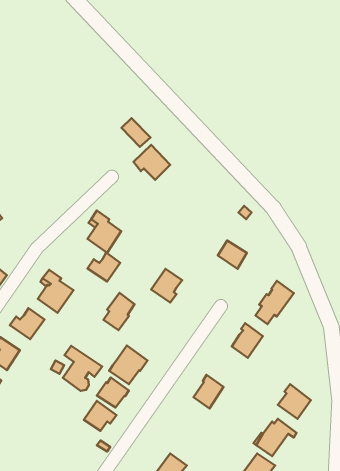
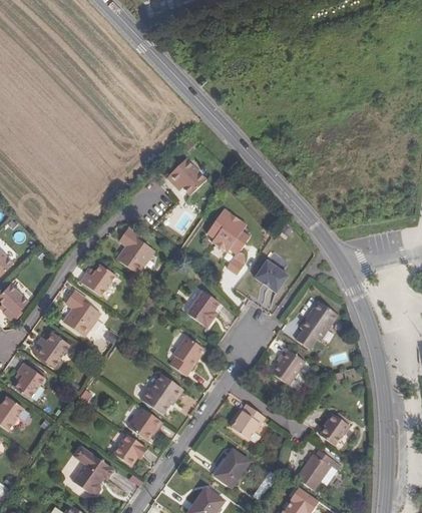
building: [122,118,151,147] -> none
building: none -> [205,208,249,276]
building: [87,252,120,282] -> [80,264,115,295]
building: [103,293,134,330] -> [168,335,201,375]
building: [63,346,102,391] -> [72,446,114,494]
building: none -> [215,449,250,486]

